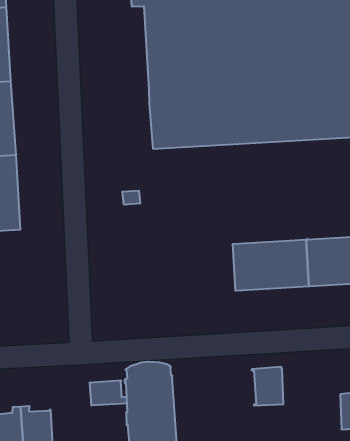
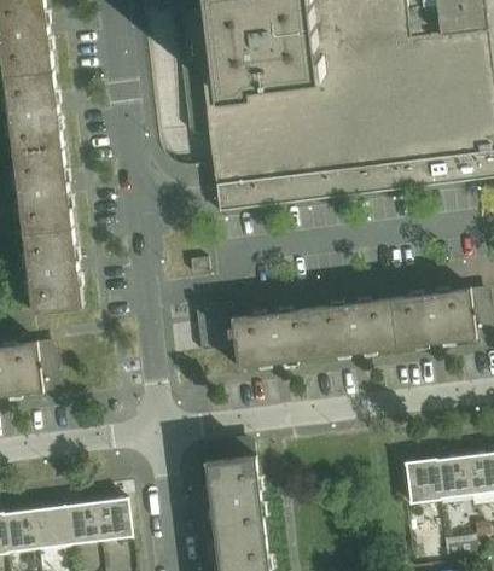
building: none -> [193,302,315,368]
building: [252,367,283,406] -> [402,459,438,502]
building: [90,380,127,406] -> none

